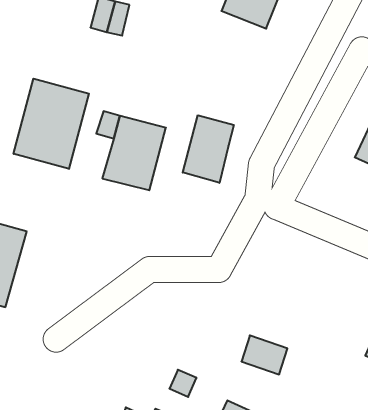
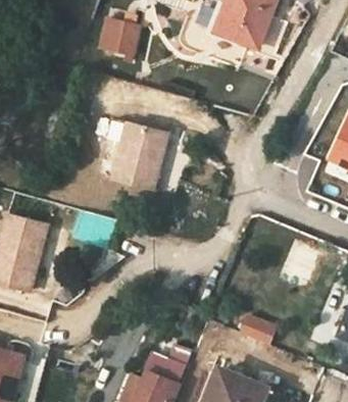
building: [14,79,89,169] -> none
building: [183,115,234,183] -> none

